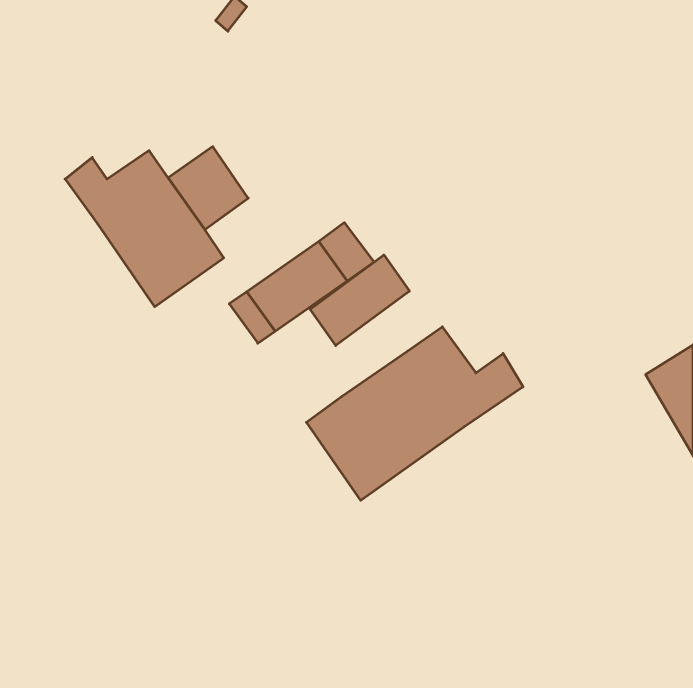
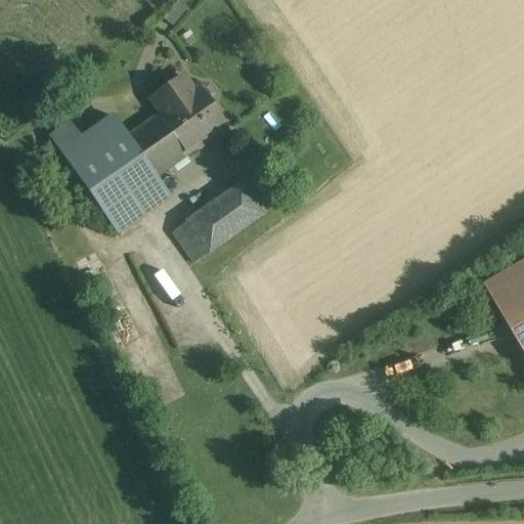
building: none -> [154,77,224,149]
building: [310,255,409,346] -> none
building: [306,327,523,500] -> none

